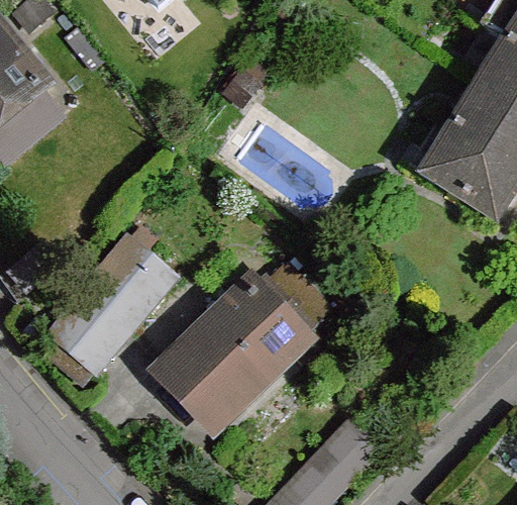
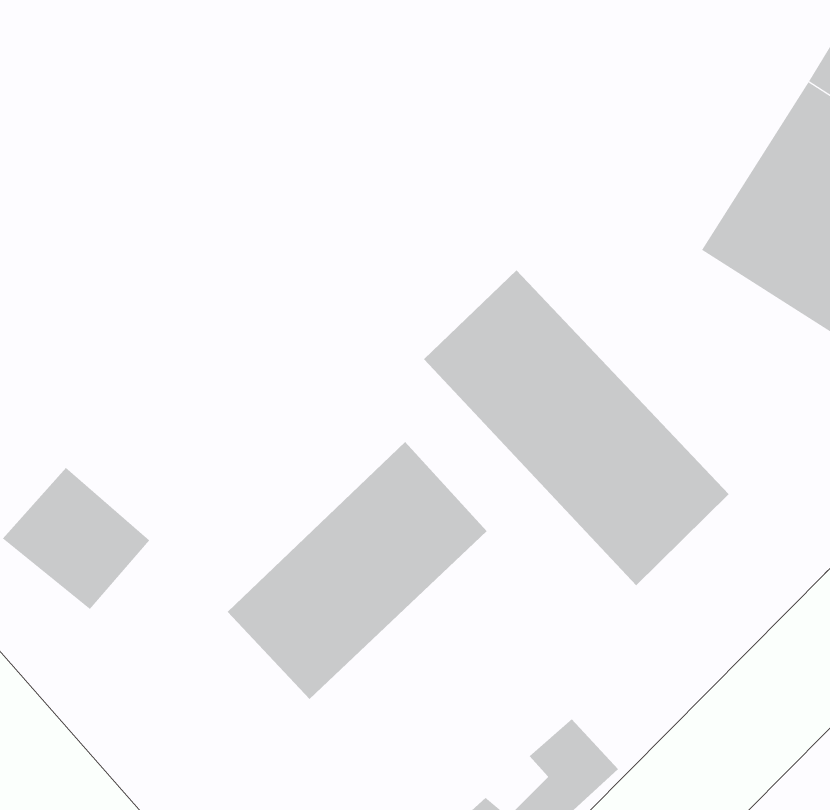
building: none -> [423,269,729,586]
building: [85,239,176,332] -> none

